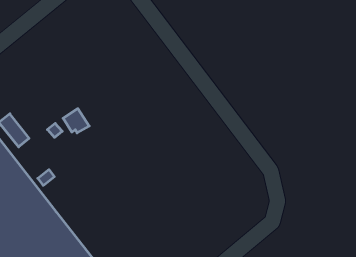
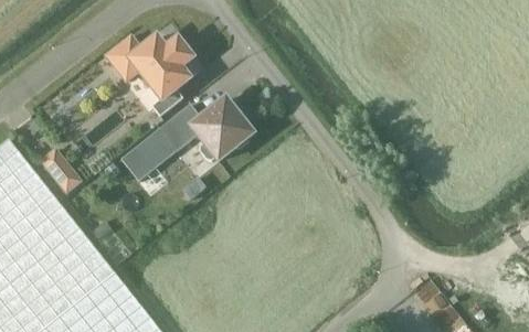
building: none -> [115,38,198,117]
building: none -> [159,99,253,161]

